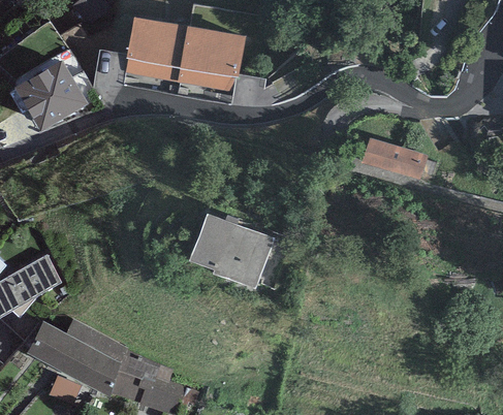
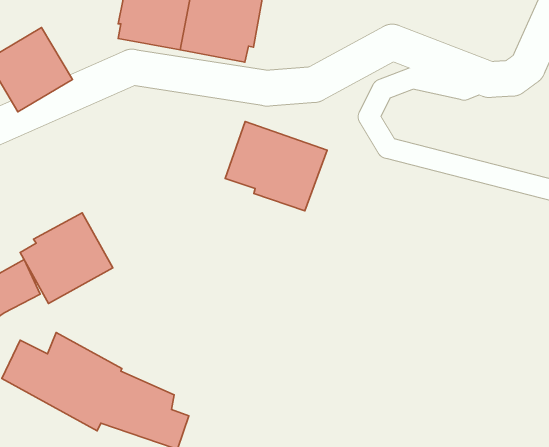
building: [363,138,428,181] -> none
building: [189,215,274,289] -> [225,122,327,211]
building: none -> [20,213,113,304]

